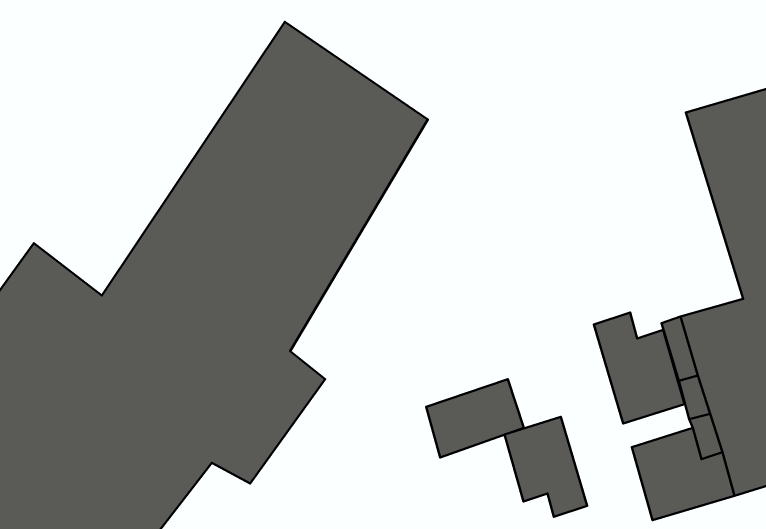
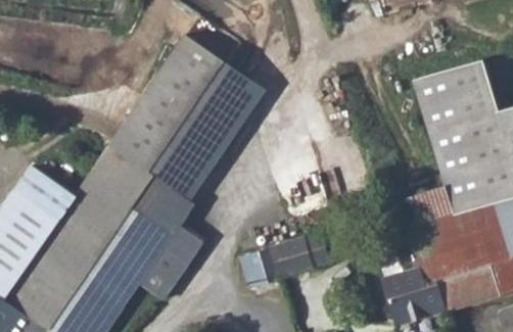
building: [594,313,685,424] -> none
building: [505,417,587,517] -> none

